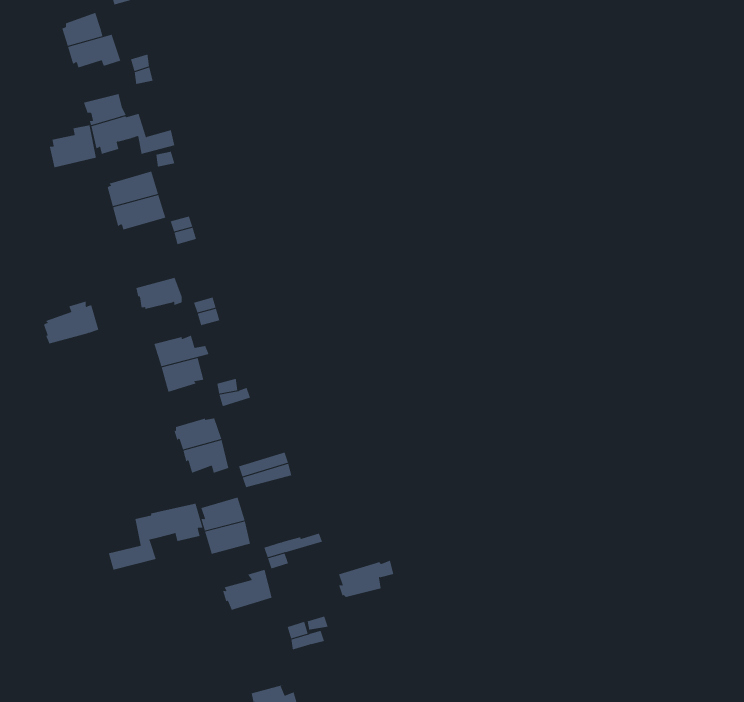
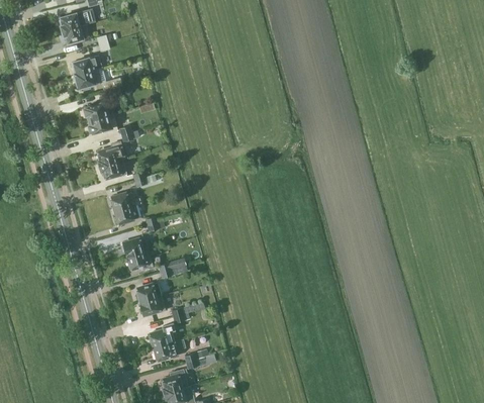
building: [49,124,97,168] -> none
building: [43,301,99,344] -> [96,141,127,166]
building: [108,503,203,570] -> none
building: [338,560,394,598] -> [153,338,184,360]
building: none -> [161,369,187,393]

